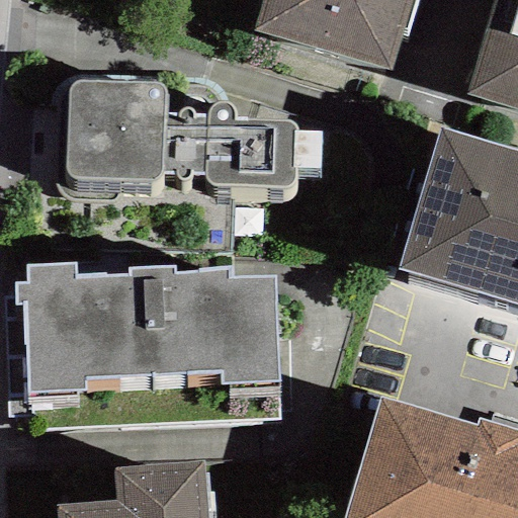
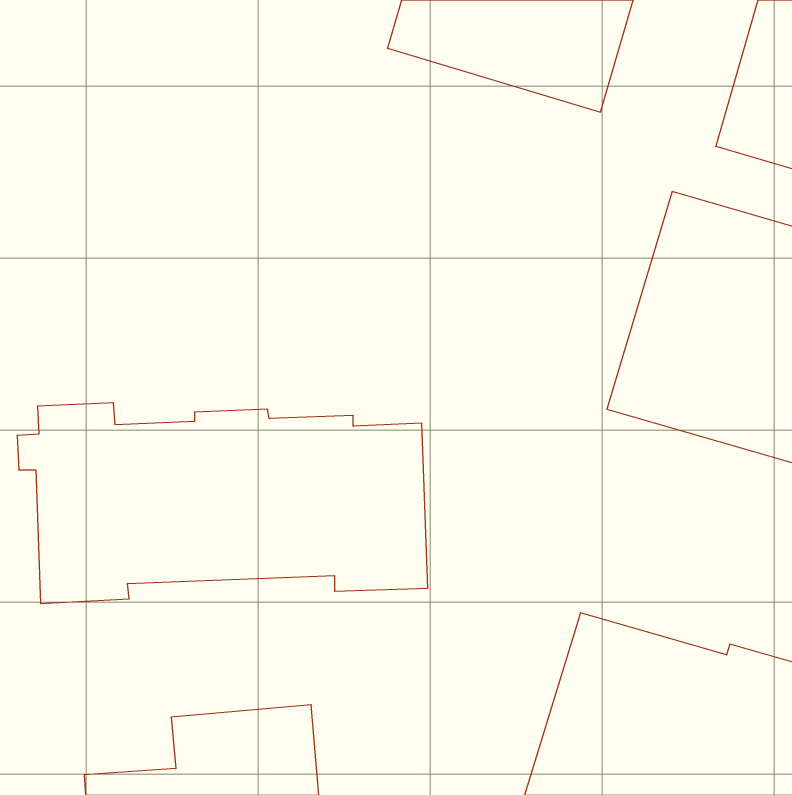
building: [66,81,322,189] -> none

